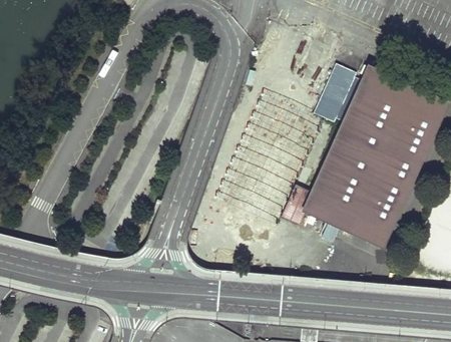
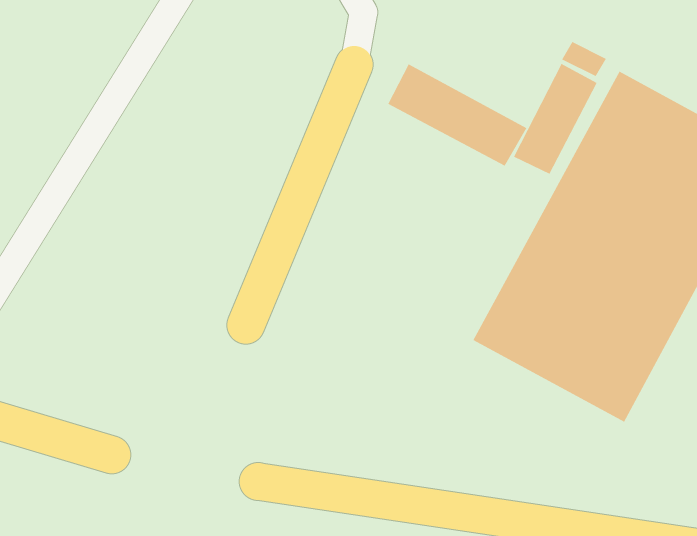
building: none -> [388,63,527,167]

